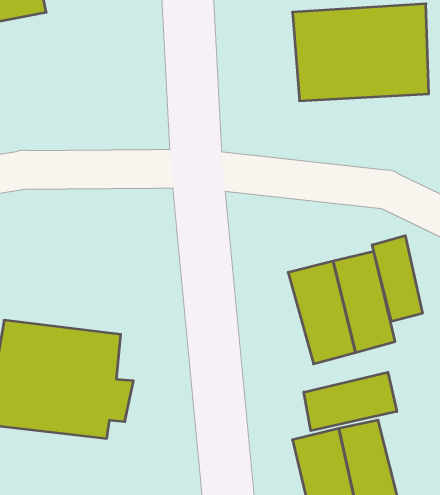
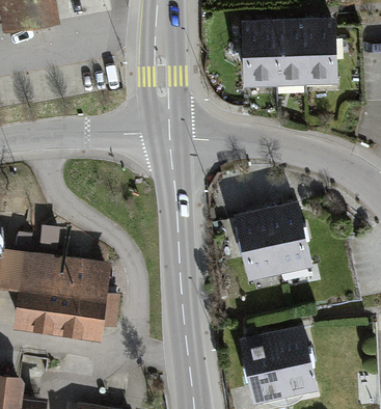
building: [372,236,422,321] -> none
building: [304,372,397,431] -> none

